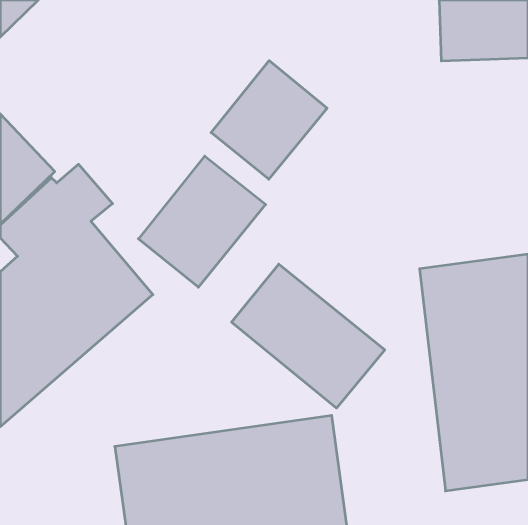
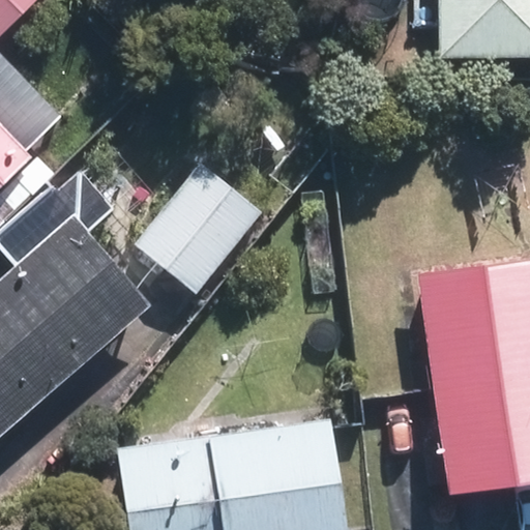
building: [211,61,327,179] -> none
building: [232,264,385,408] -> none

